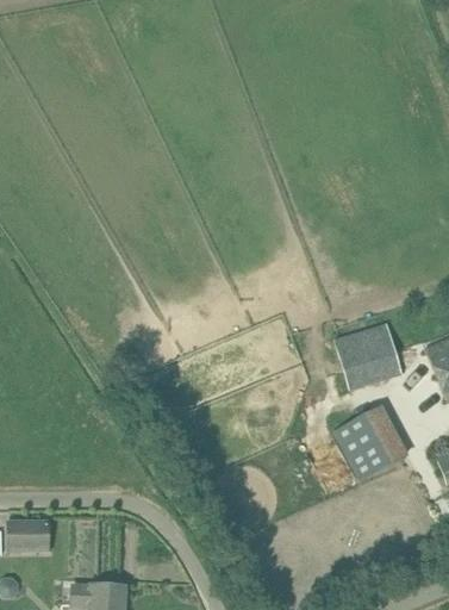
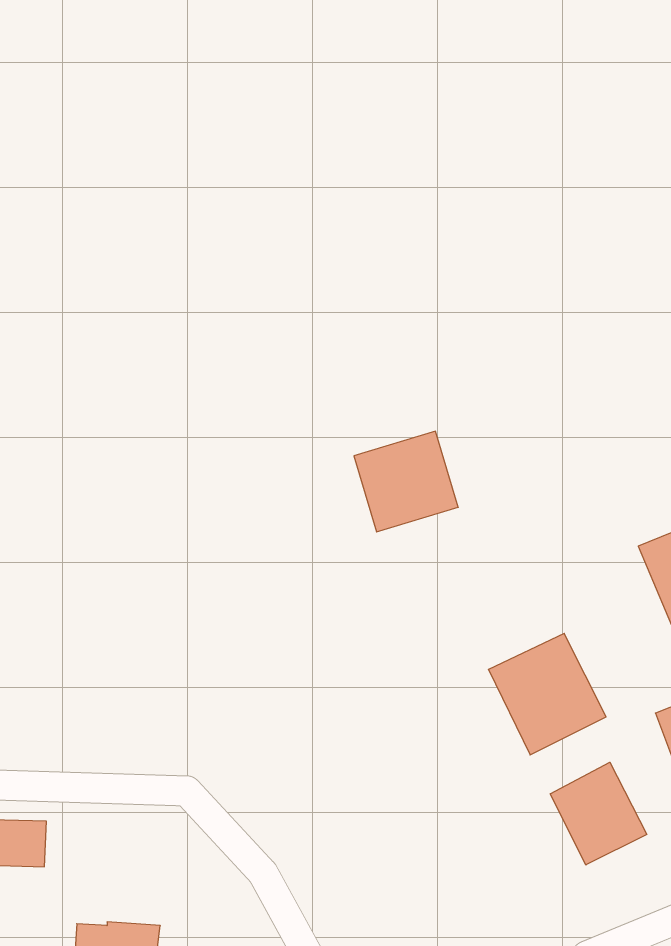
building: [335,324,400,387] -> [354,431,458,532]
building: none -> [550,762,647,865]

